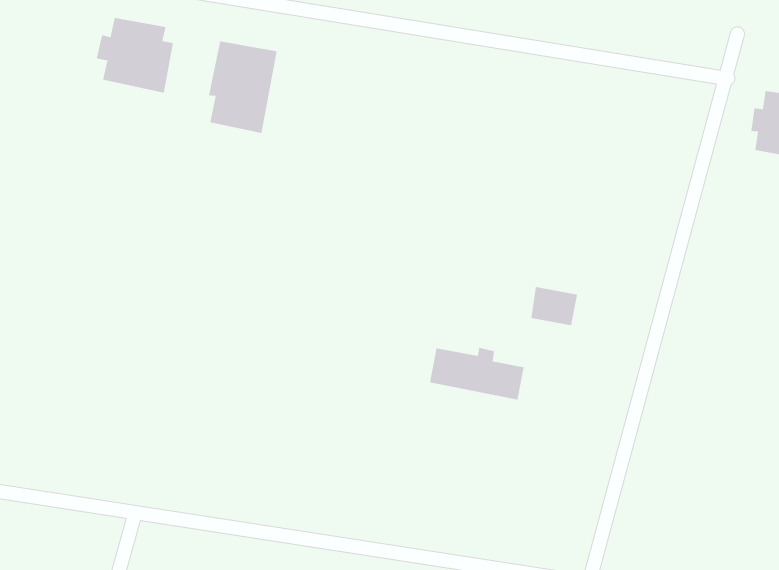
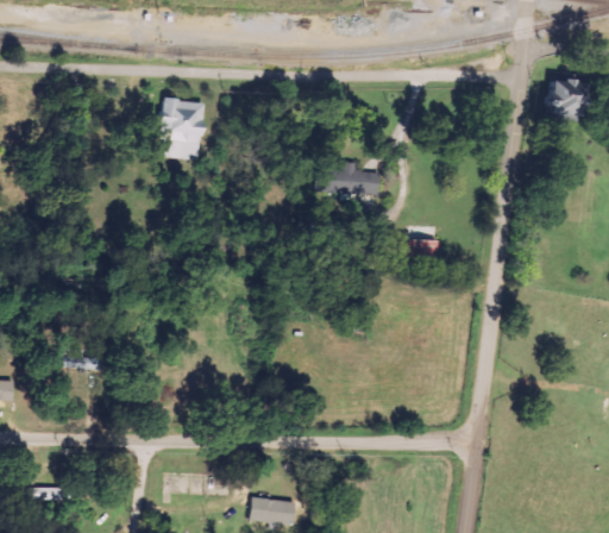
building: [96,17,174,94] -> none
building: [429,347,525,400] -> [314,162,379,195]

